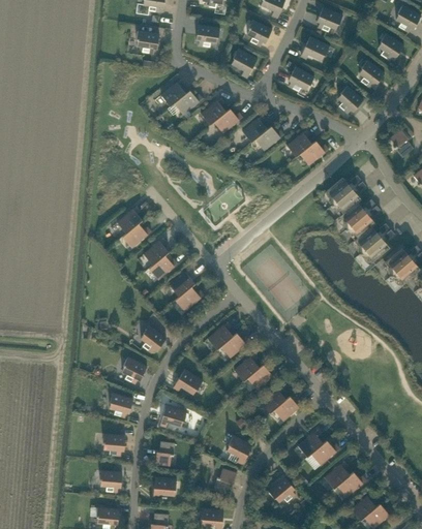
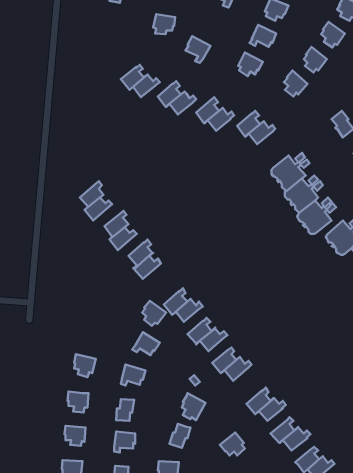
building: [246,20,272,46] -> none
building: [137,30,159,54] -> none
building: [141,325,167,352] -> [142,301,166,326]
building: [122,356,147,383] -> none

